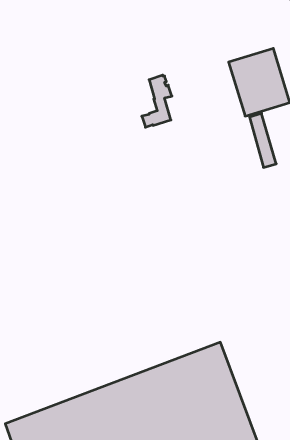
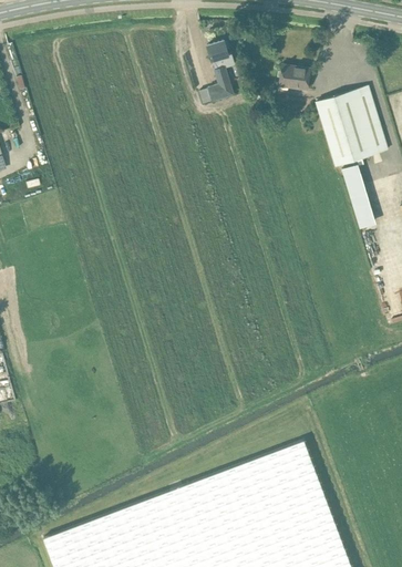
building: none -> [278,65,310,90]
building: [142,75,172,127] -> [198,41,235,104]

